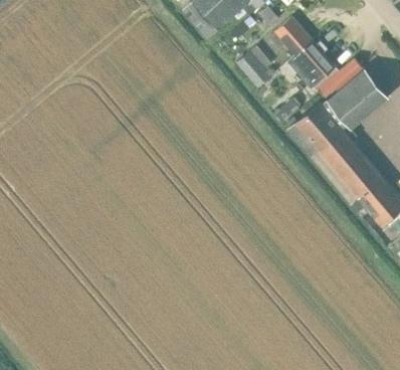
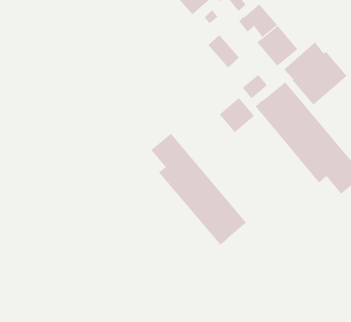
building: none -> [219,97,255,133]
building: none -> [151,133,247,245]

